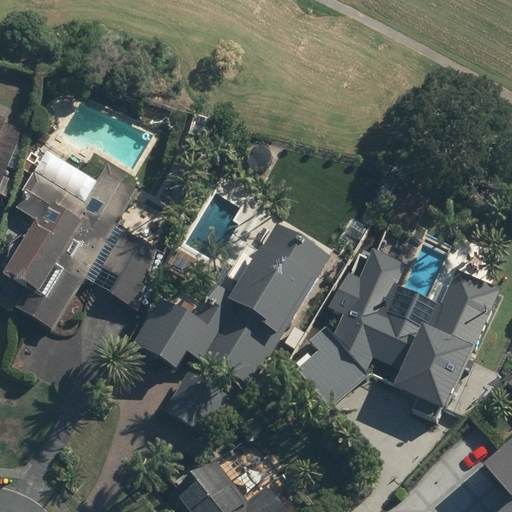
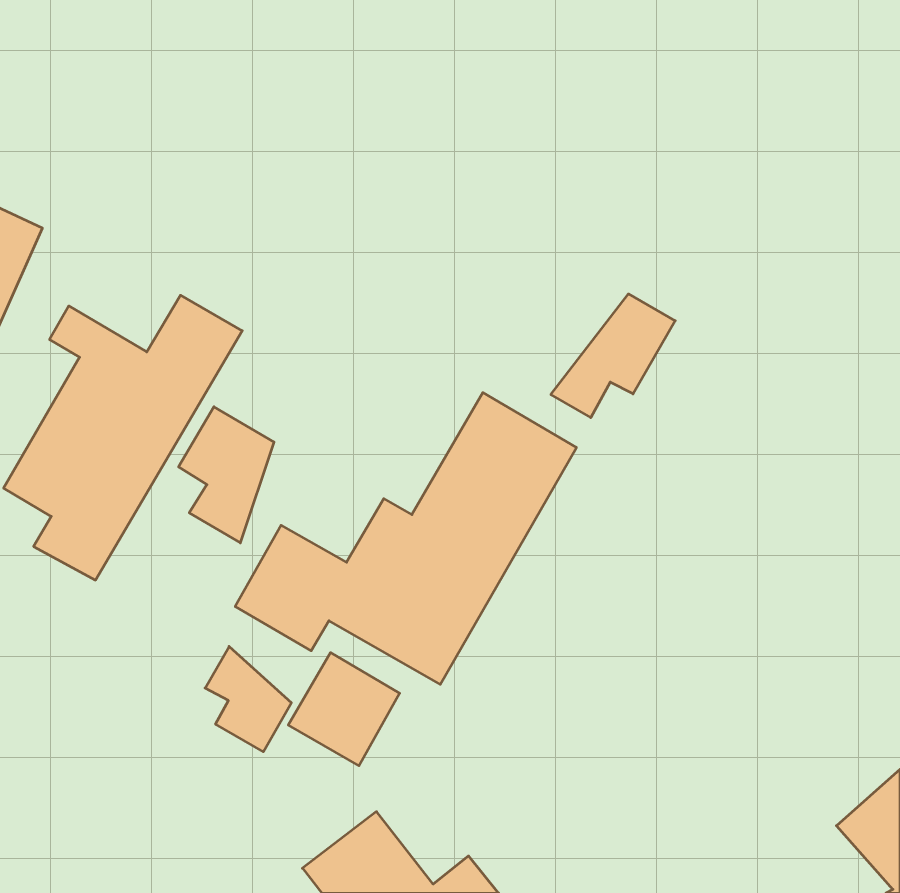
building: none -> [551,294,675,418]
building: [296,247,501,412] -> none
building: none -> [205,646,291,752]

